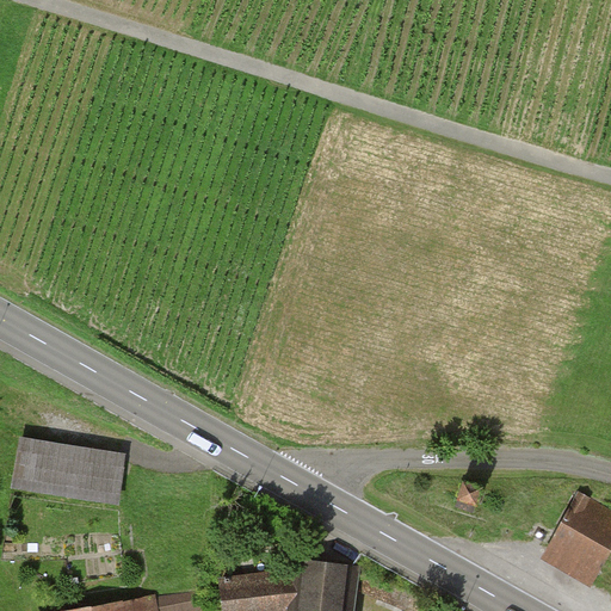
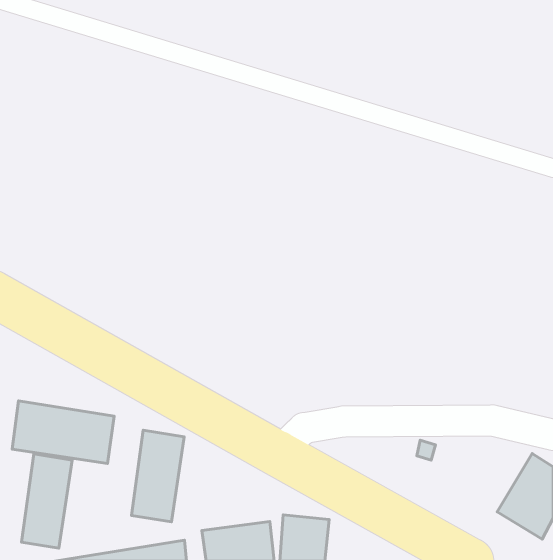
building: none -> [131,430,184,522]
building: none -> [22,454,72,548]

